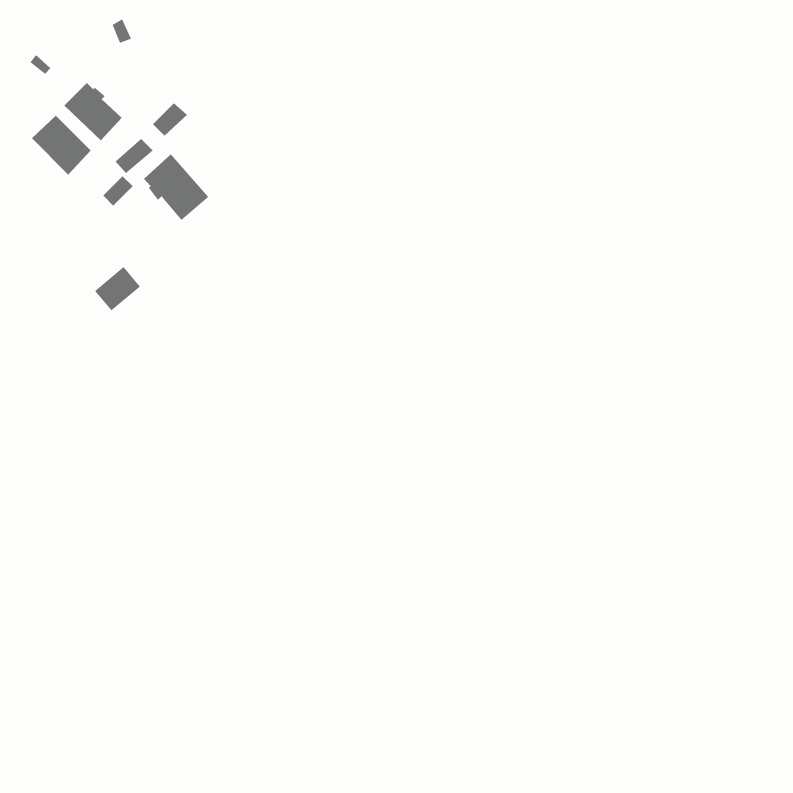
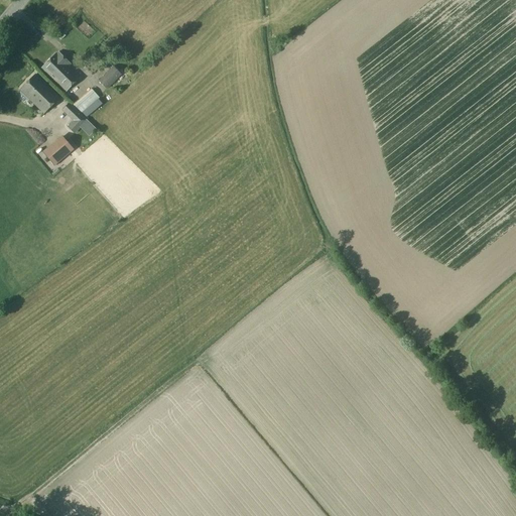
building: [143,153,209,221] -> none
building: [94,266,141,311] -> [43,136,74,165]

